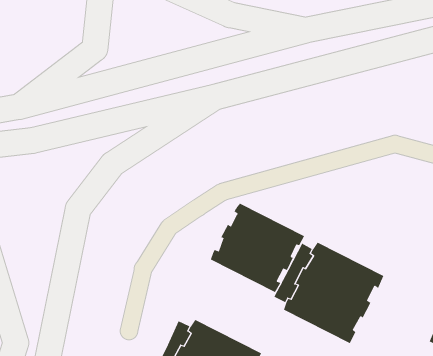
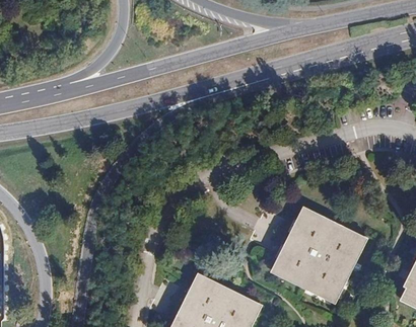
building: [210,203,305,293] -> none

